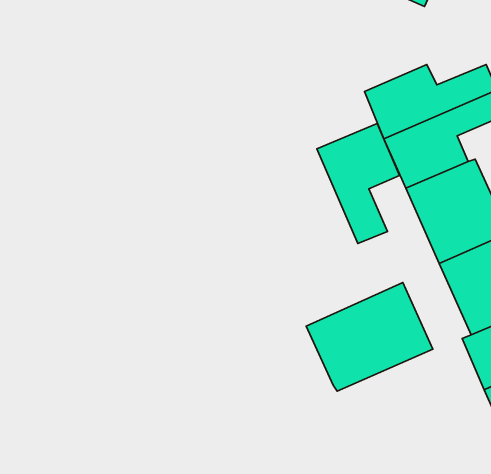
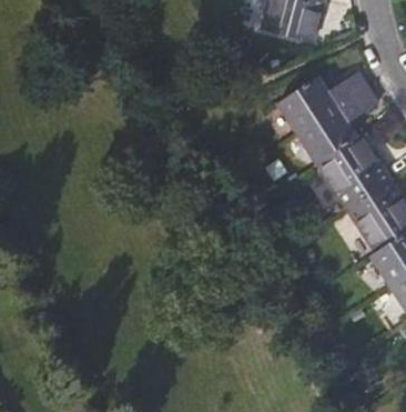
building: [317,124,400,243] -> none
building: [306,282,433,391] -> none

